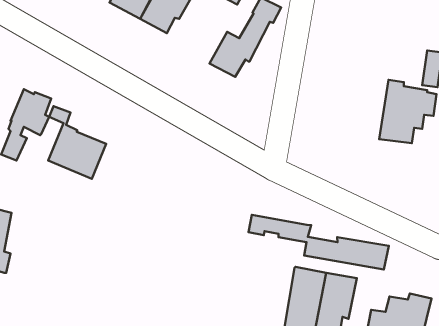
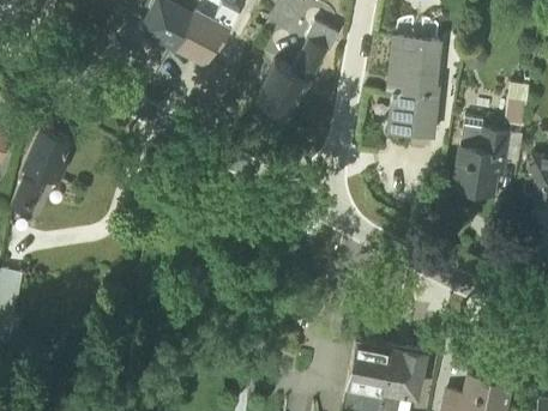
building: none -> [386,35,442,138]
building: [48,106,106,179] -> none
building: [249,215,389,269] -> none

